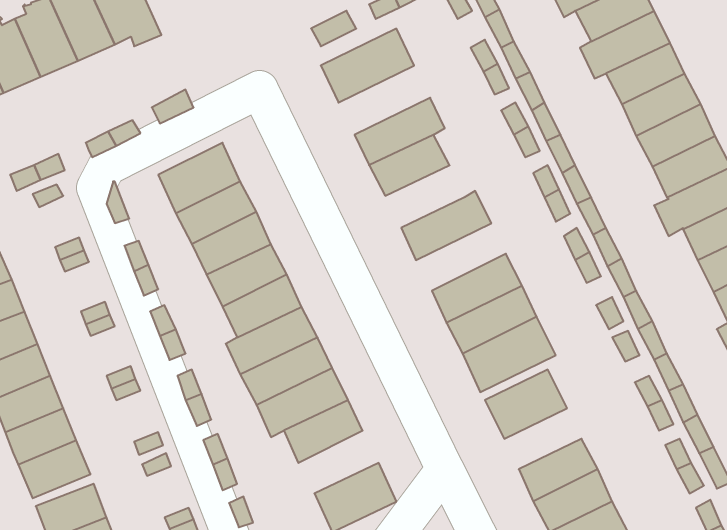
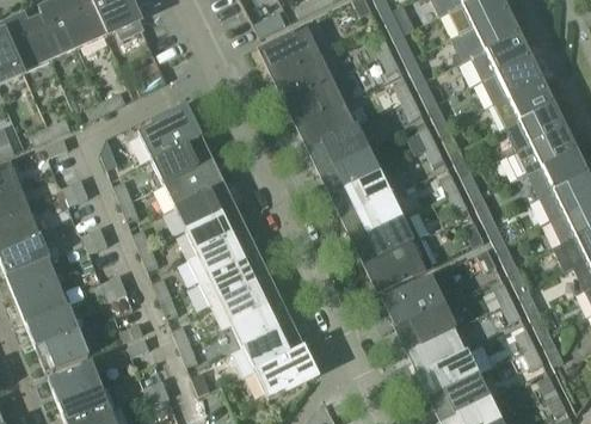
building: none -> [273,51,341,103]
building: none -> [308,125,367,172]
building: none -> [331,168,398,219]
building: none -> [396,306,454,351]
building: none -> [244,322,303,369]

